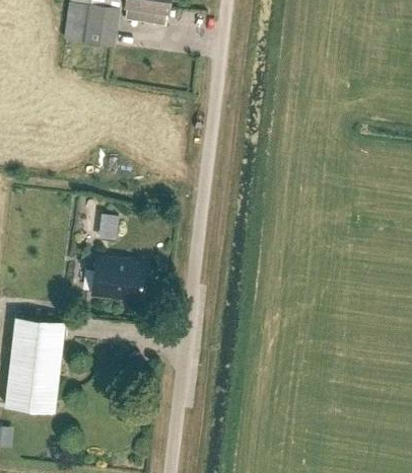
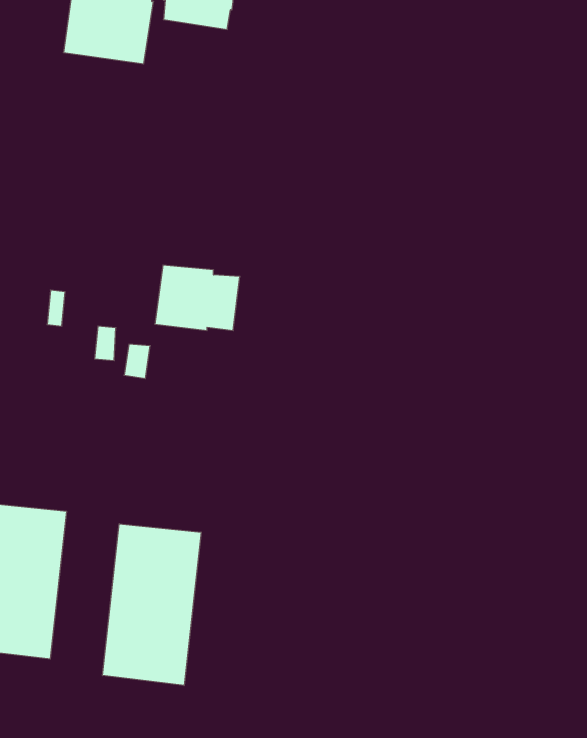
building: [91,257,144,298] -> [155,265,240,331]
building: none -> [103,524,201,686]

